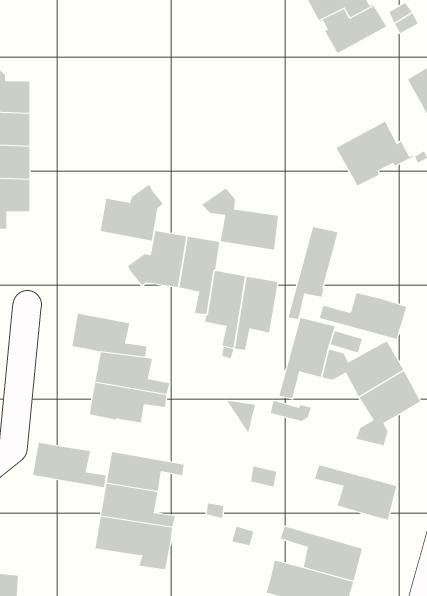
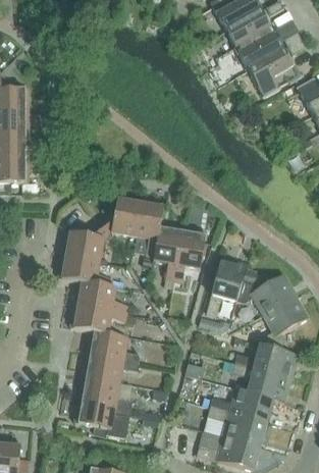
building: [336,121,414,186] -> [248,49,304,96]
building: [100,184,164,241] -> [62,220,108,261]
building: [201,188,279,250] -> none
building: [288,226,338,320] -> none
building: [319,292,407,340] -> [234,344,298,377]
building: [32,442,106,488] -> [87,329,140,362]
building: none -> [210,387,272,422]

